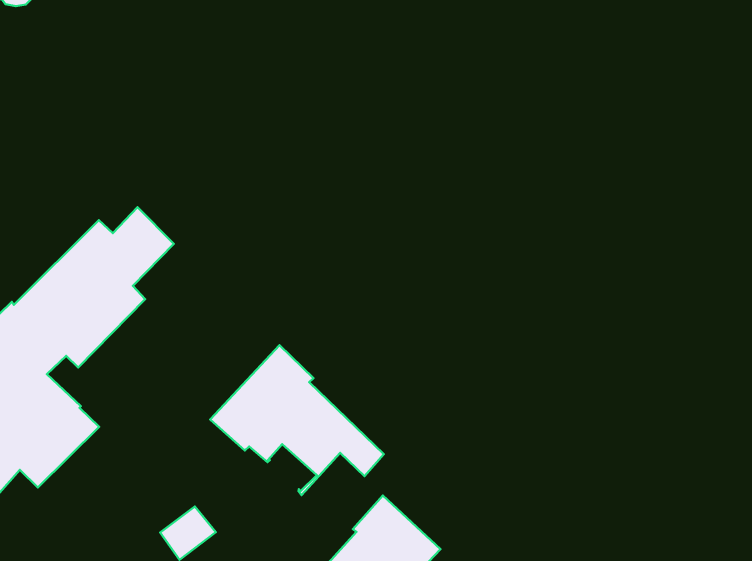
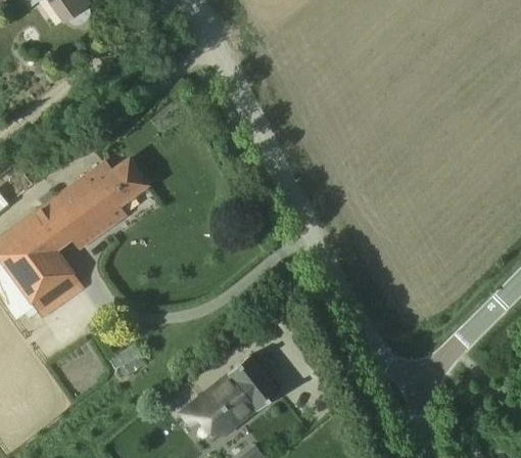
building: [210,345,384,495] -> none

